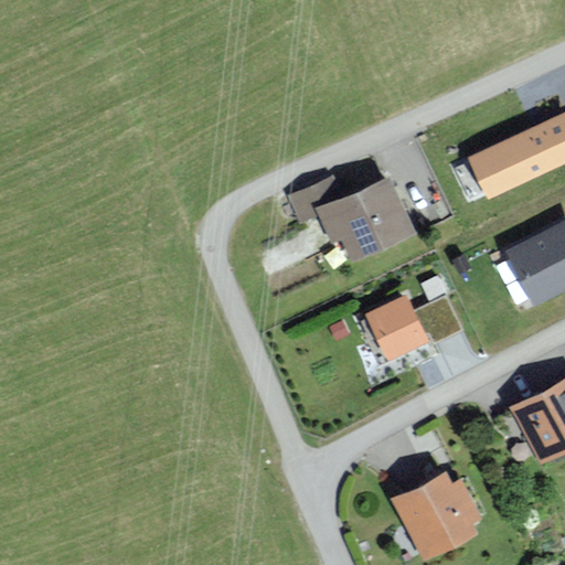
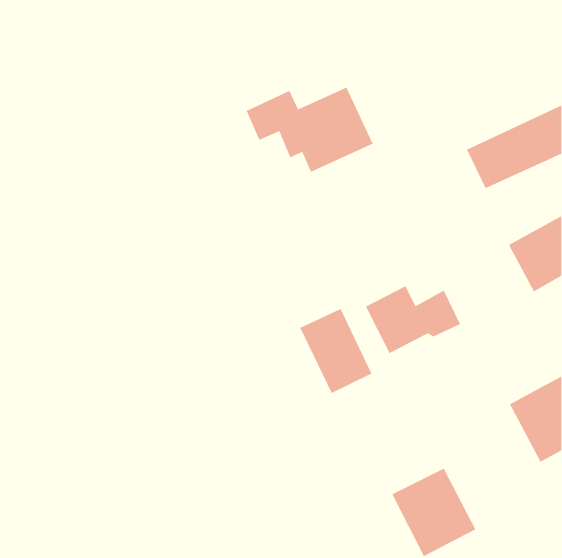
building: [288,177,416,263] -> [246,87,373,172]
building: none -> [299,308,372,394]

